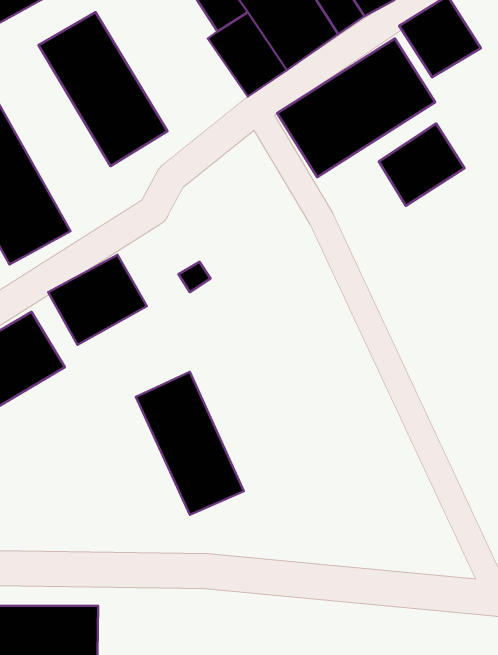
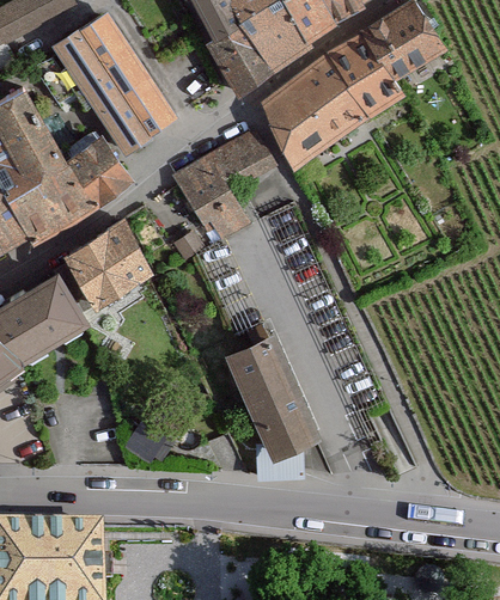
building: [379,124,465,206] -> none
building: none -> [182,131,268,234]
building: none -> [69,141,126,198]
building: [136,372,244,515] -> [227,338,321,461]

